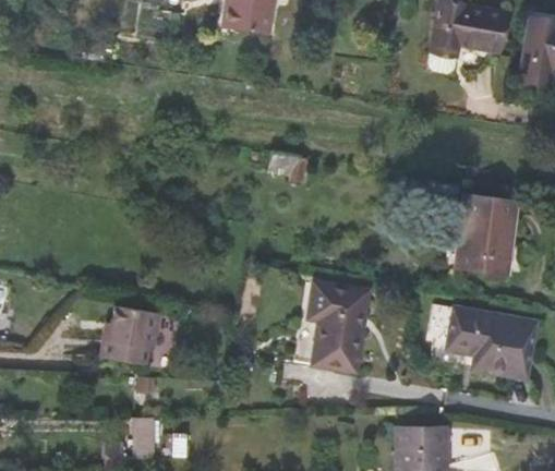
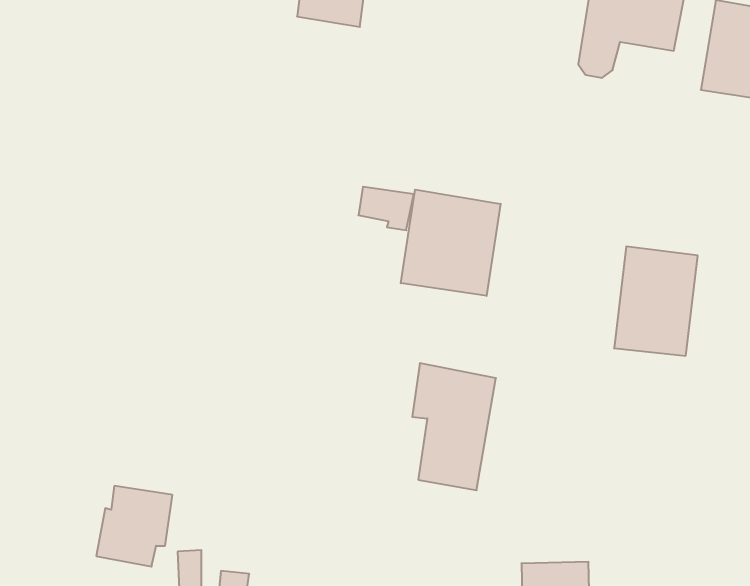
building: none -> [401,190,501,296]
building: [105,305,160,364] -> [96,486,172,567]
building: [447,306,535,378] -> none

